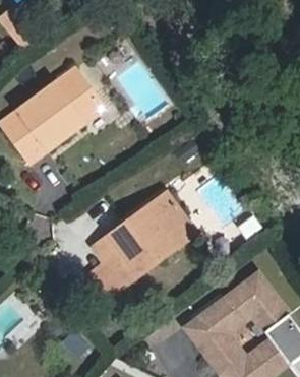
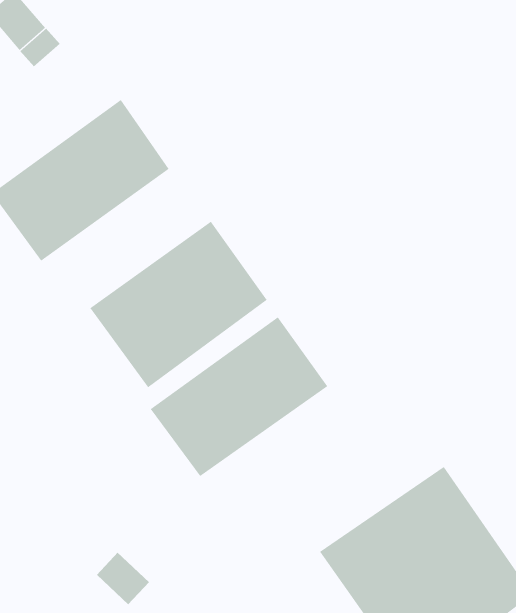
building: none -> [90,221,267,388]

